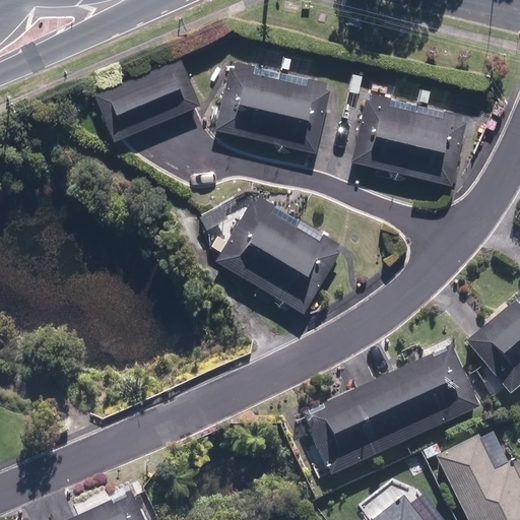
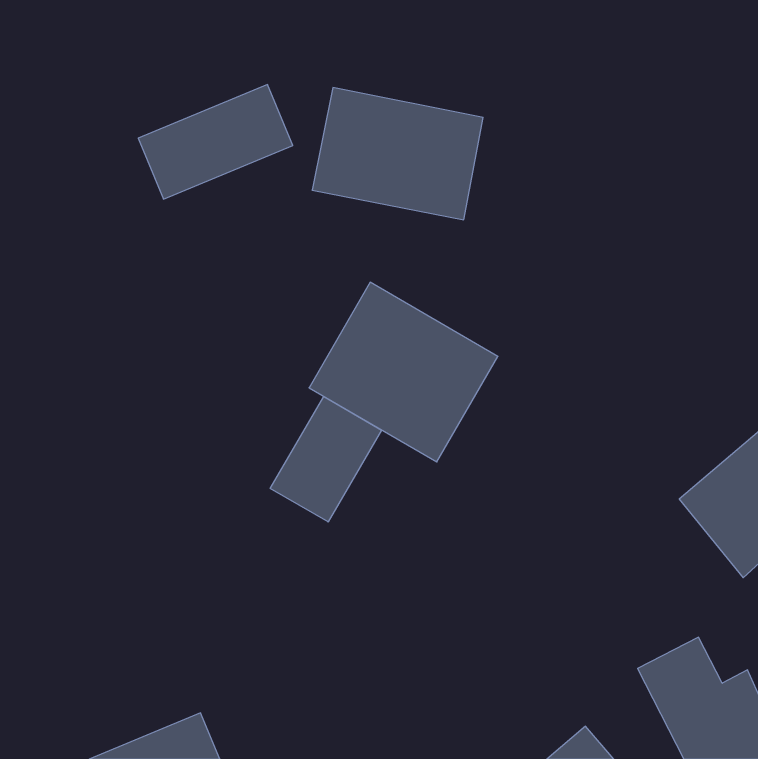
building: [353,93,470,188] -> none
building: none -> [270,397,382,522]
building: [317,353,466,469] -> none

